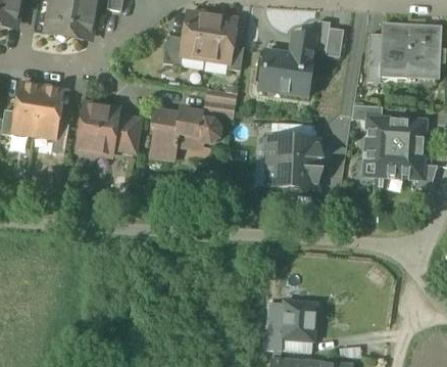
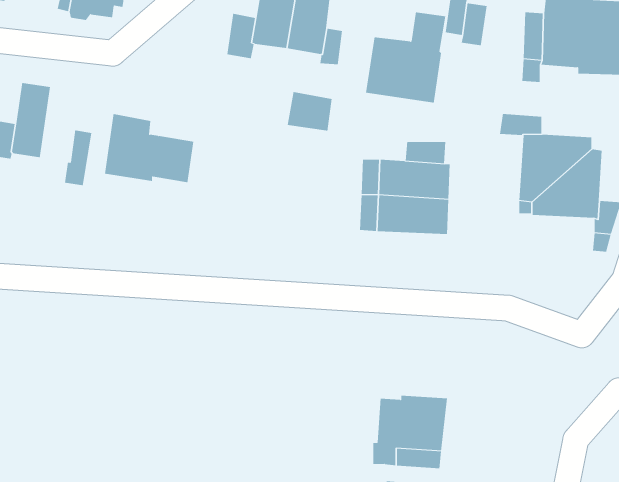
building: [35,85,62,137] -> none
building: [152,108,218,157] -> none

